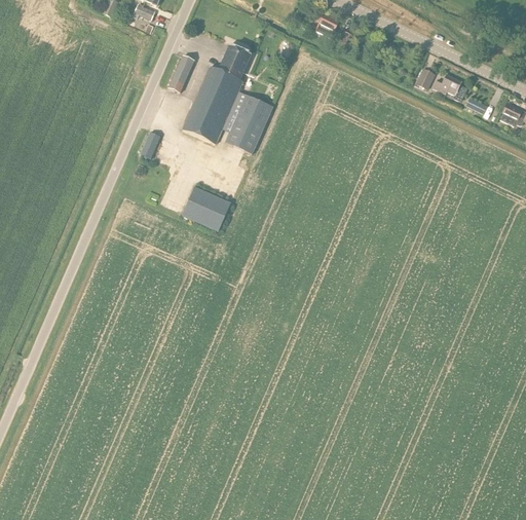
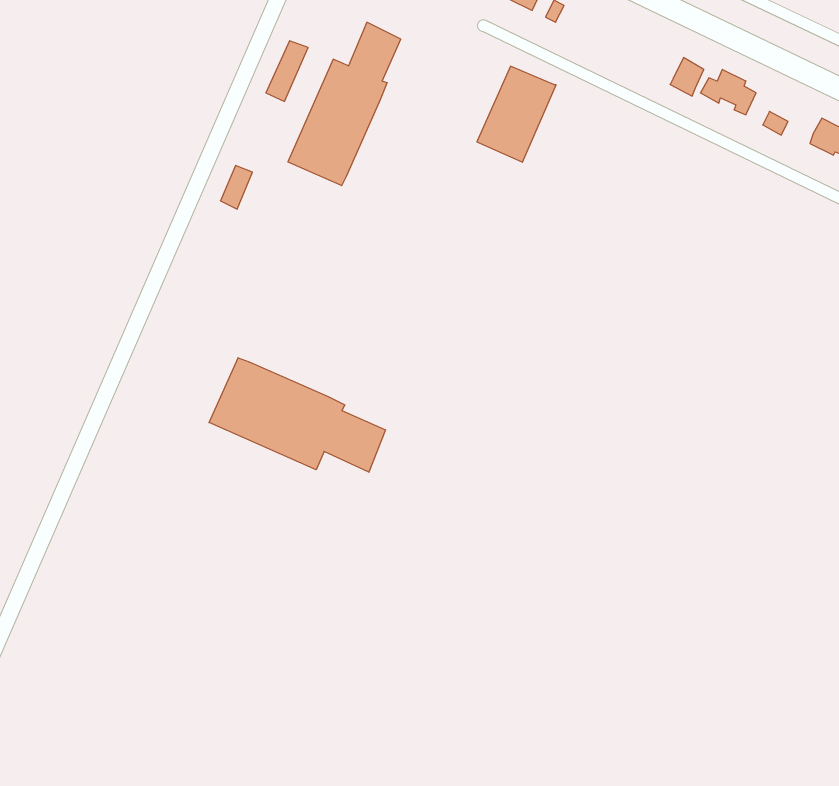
building: [225,95,273,153] -> [477,66,556,162]
building: [183,187,230,230] -> none
building: none -> [209,358,386,472]

